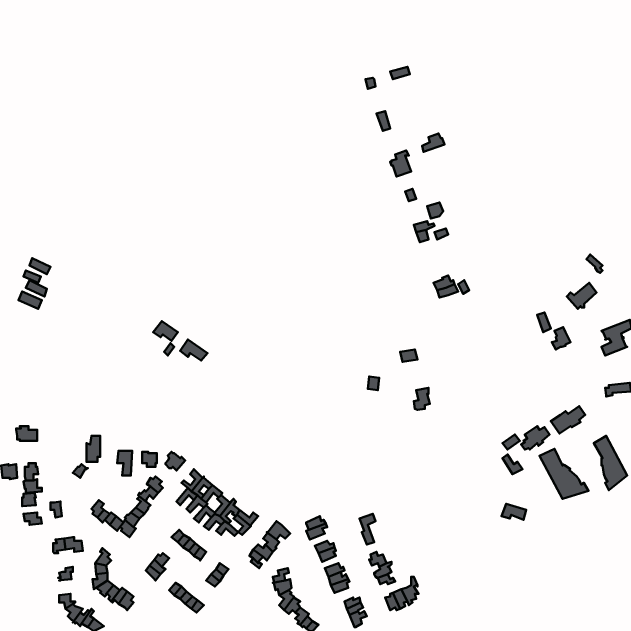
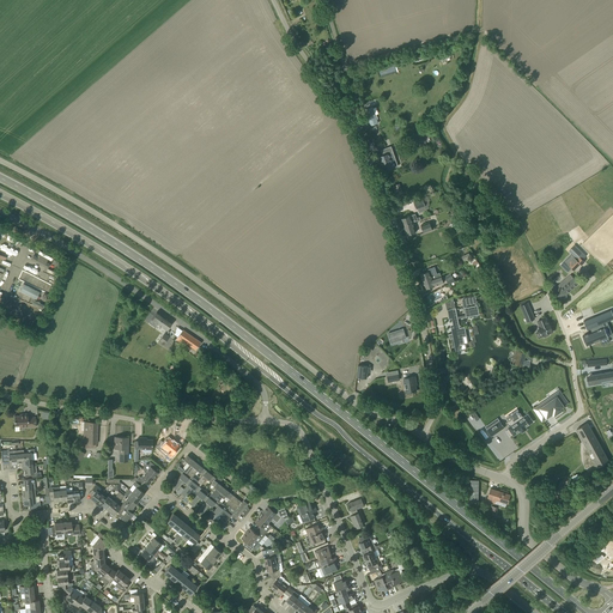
building: none -> [448,305,479,351]
building: [540,449,588,499] -> none

